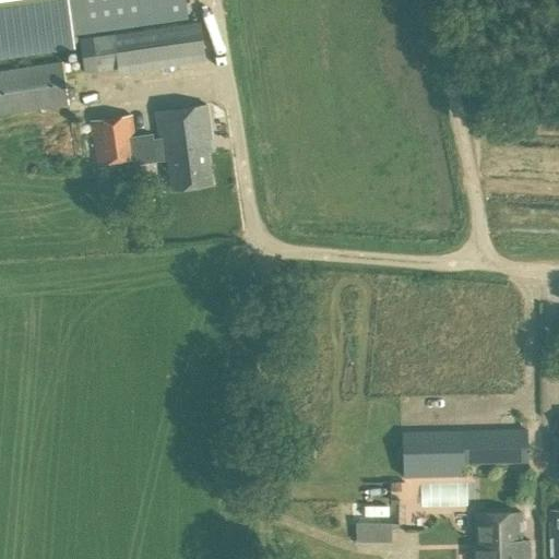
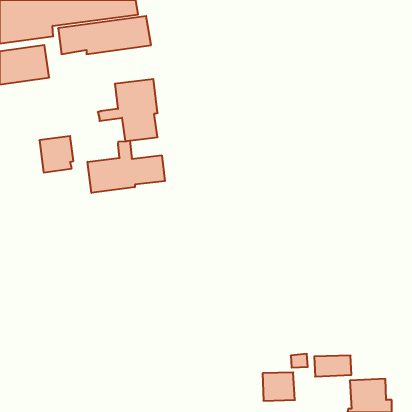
building: [91,117,136,166] -> [39,136,73,172]
building: none -> [88,141,165,193]
building: [402,429,525,476] -> none

